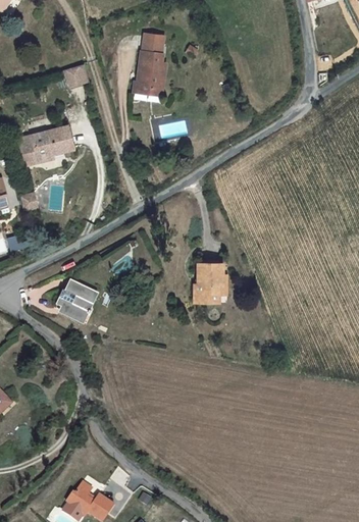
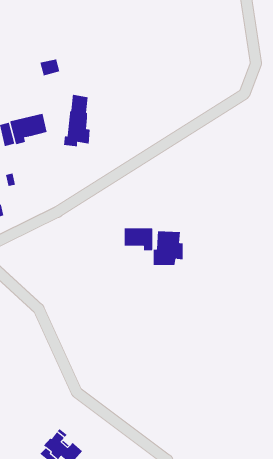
building: [133,36,163,95] -> [63,94,90,147]
building: none -> [124,228,153,251]
building: [54,279,93,317] -> none

